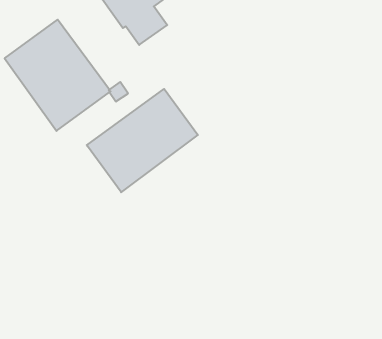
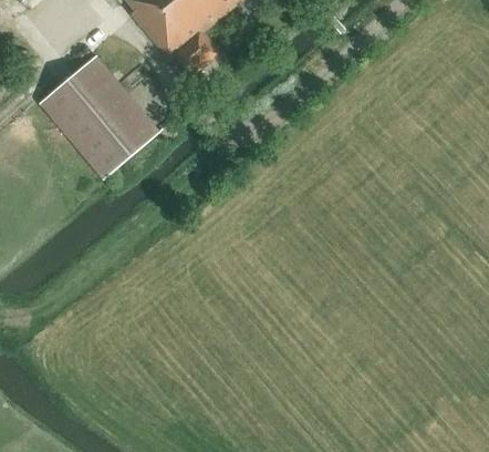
building: [87,89,198,192] -> none

